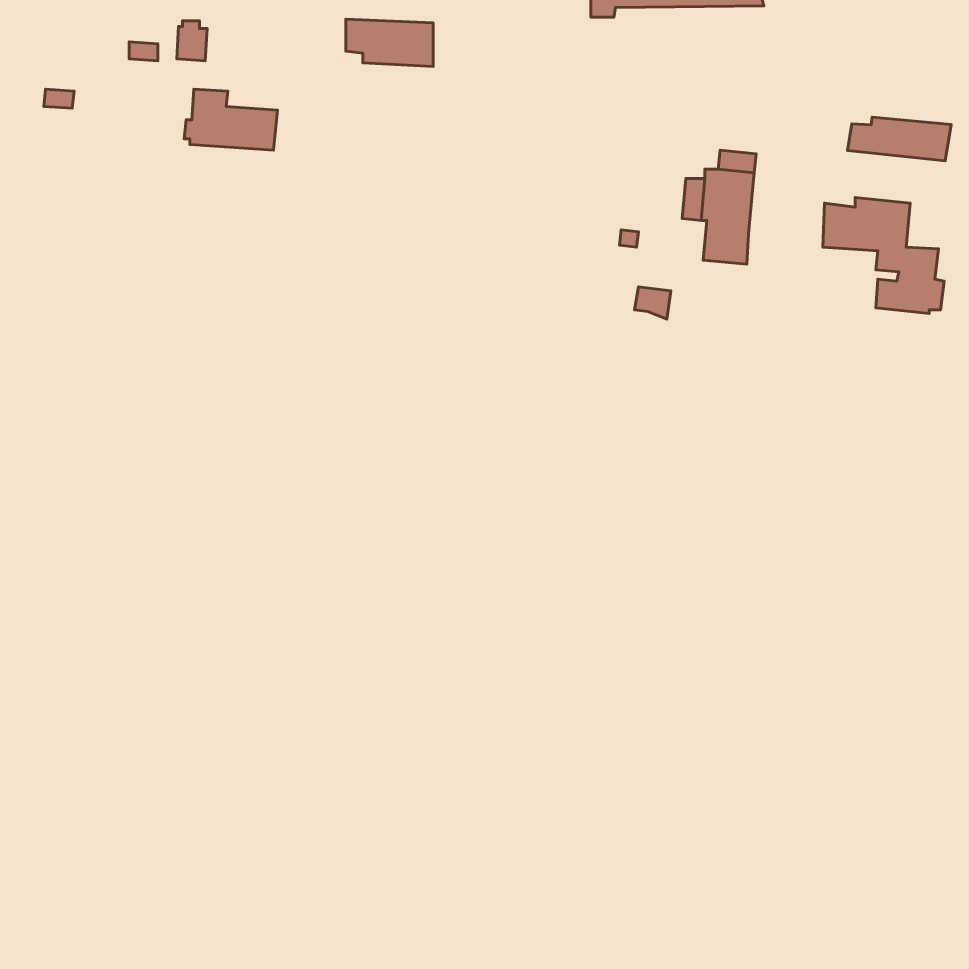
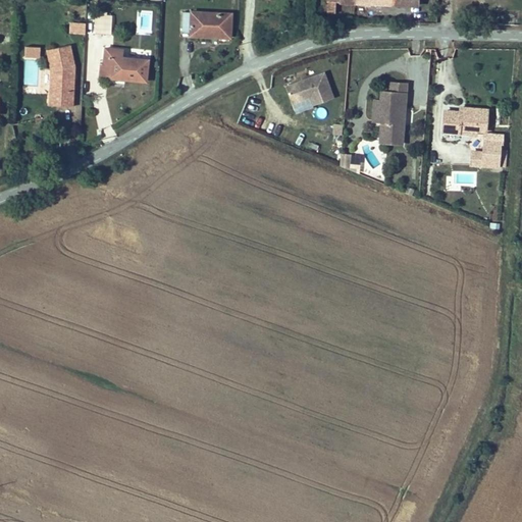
building: none -> [48,45,74,107]
building: [847,117,951,161] -> none
building: none -> [286,71,334,105]

